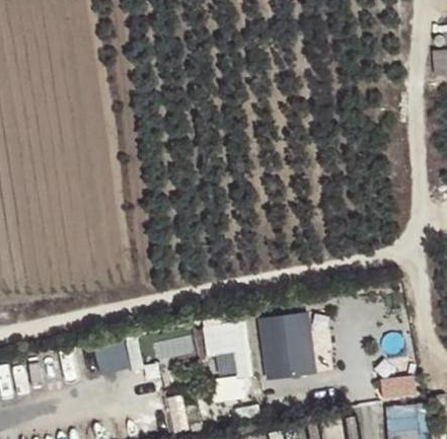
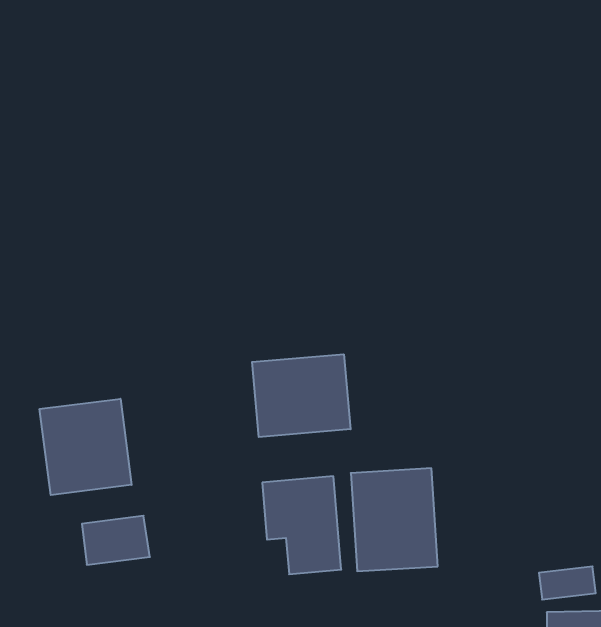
building: none -> [252,354,351,437]
building: none -> [40,399,132,495]

